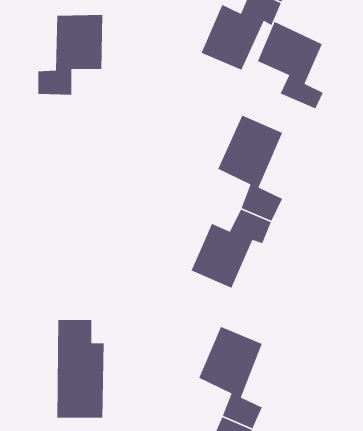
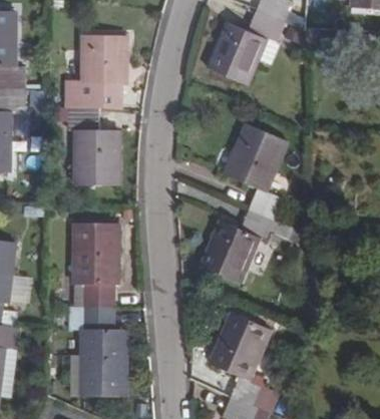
building: [257,21,324,109] -> none
building: none -> [65,106,116,184]
building: none -> [73,224,116,308]

